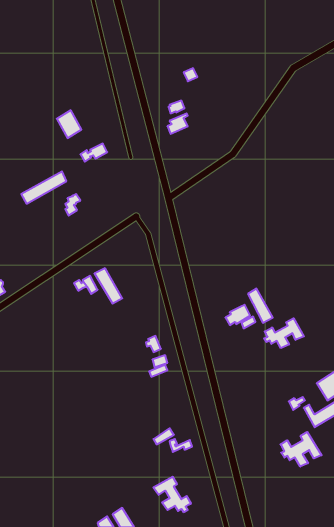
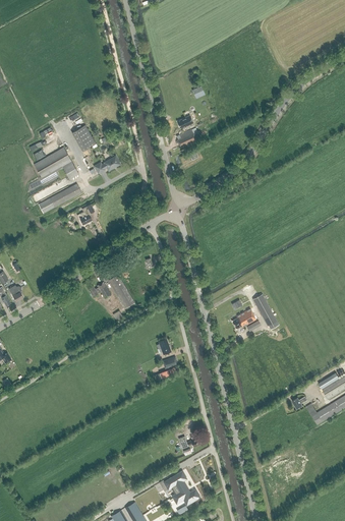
building: none -> [33,147,77,178]
building: [264,318,304,348] -> none
building: [280,432,322,467] -> none

